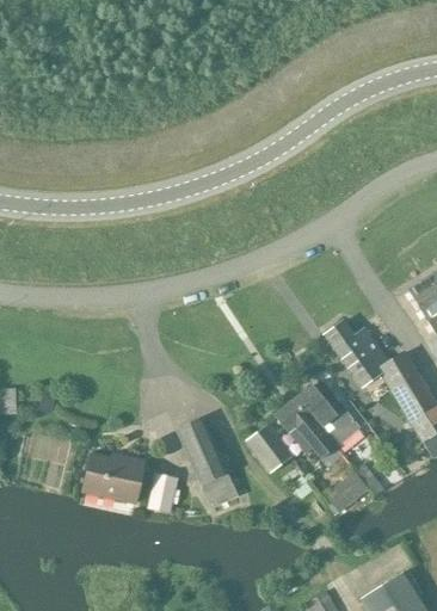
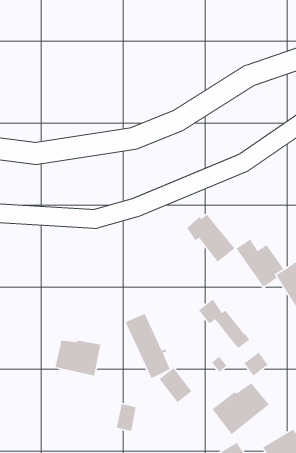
building: [294,382,359,448] -> [186,214,235,263]
building: [246,426,291,474] -> [159,367,193,403]
building: [149,475,177,513] -> [116,403,136,432]
building: none -> [212,383,270,435]

